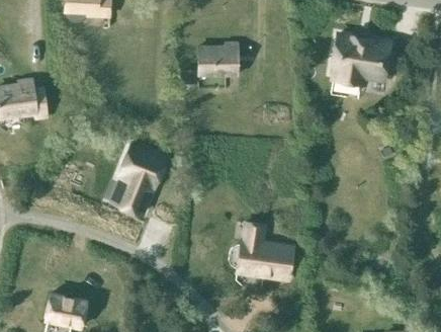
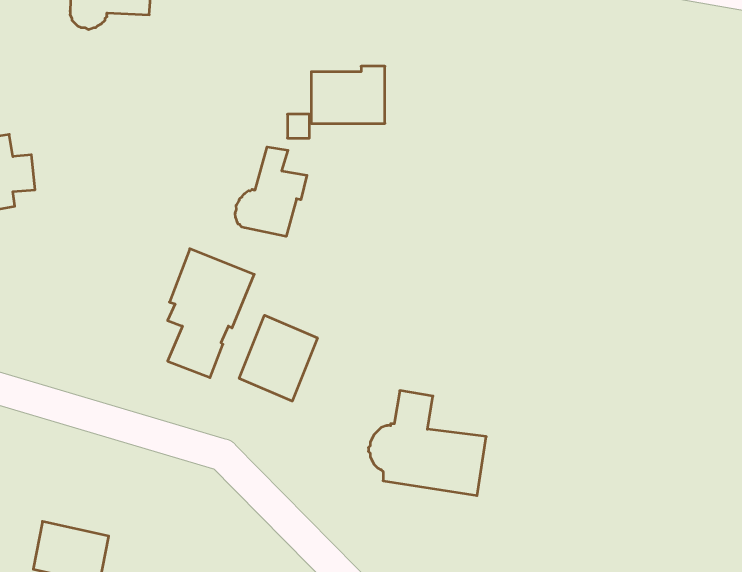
building: [332,34,389,83] -> none
building: none -> [235,147,307,236]
building: none -> [239,315,317,401]

